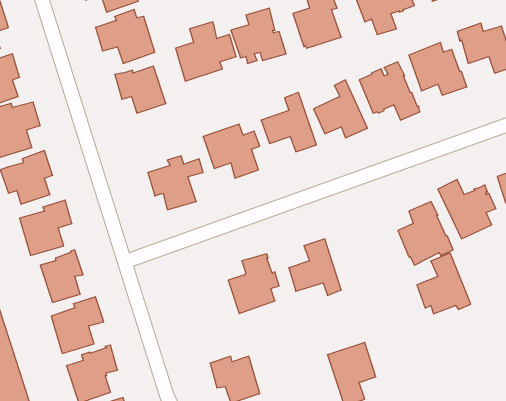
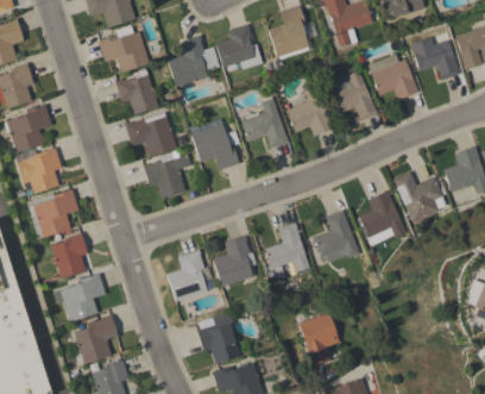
building: none -> [125,112,177,156]
building: [417,253,471,314] -> [314,209,360,262]
building: none -> [166,249,213,301]

